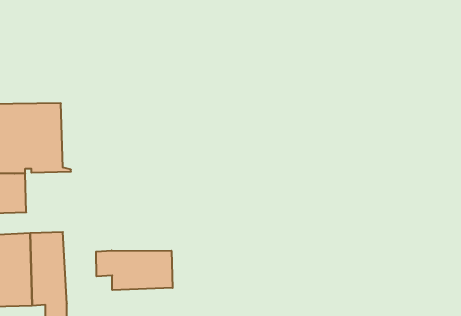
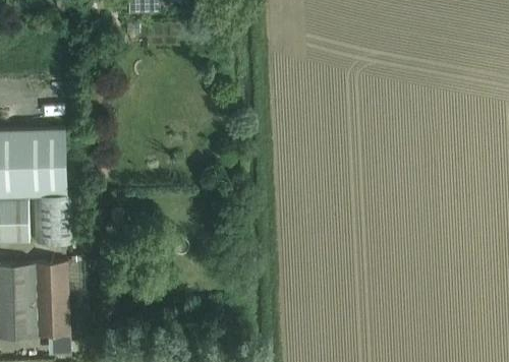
building: none -> [34,201,75,247]
building: [96,250,173,290] -> none

